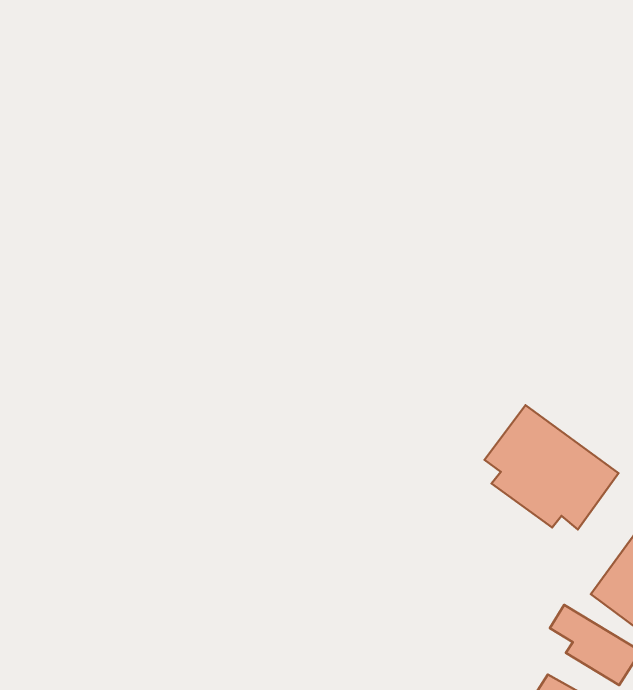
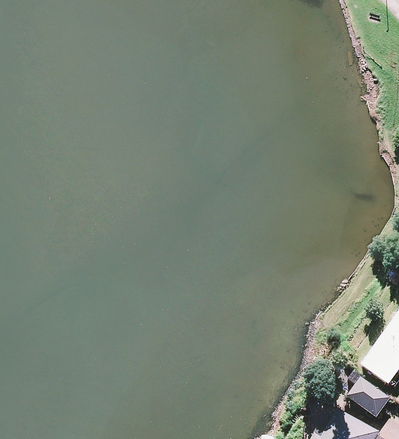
building: [485,405,618,529] -> none

